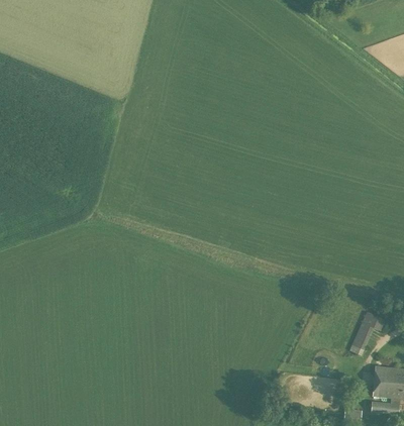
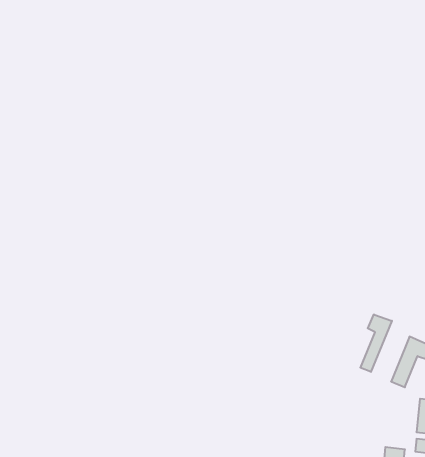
building: none -> [360,314,392,372]

